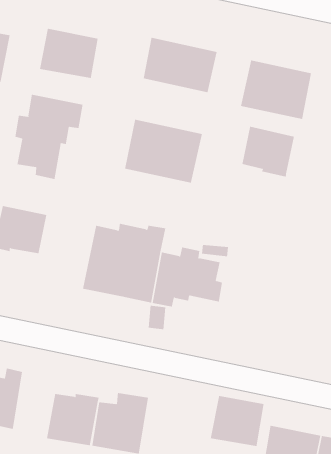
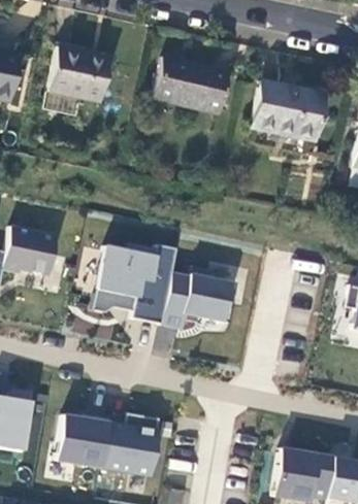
building: [15,94,83,180] -> none
building: [124,119,202,183] -> none
building: [242,126,294,177] -> none
building: [210,395,264,447] -> none

